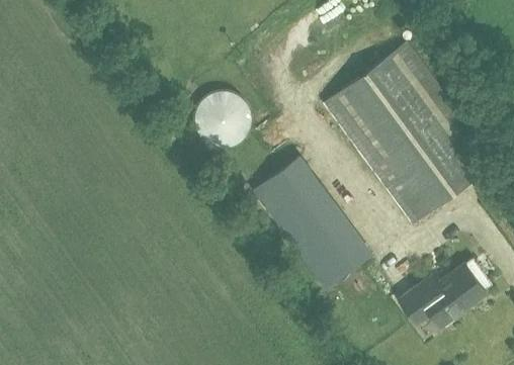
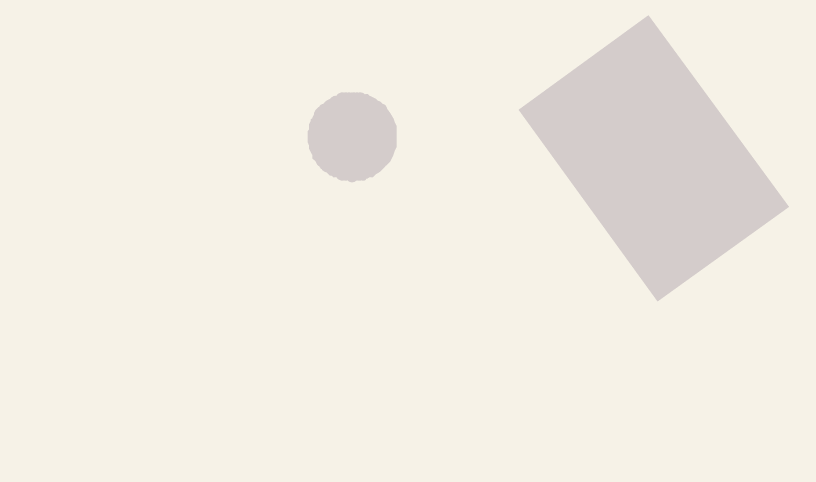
building: [252,157,373,290] -> none
building: [398,263,487,326] -> none

